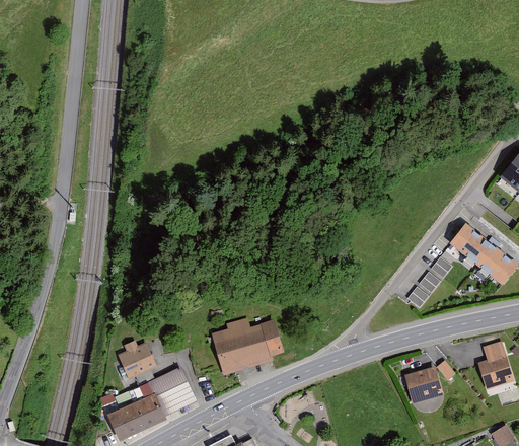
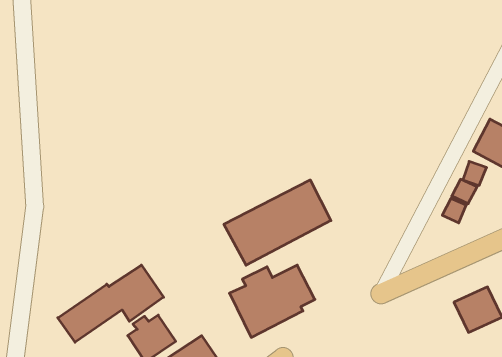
building: none -> [224,180,331,265]
building: none -> [58,265,164,342]

